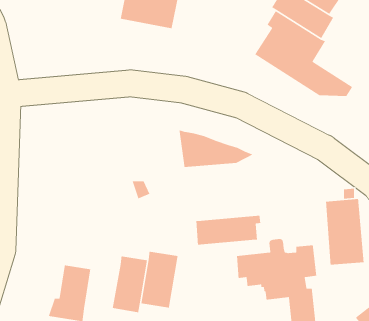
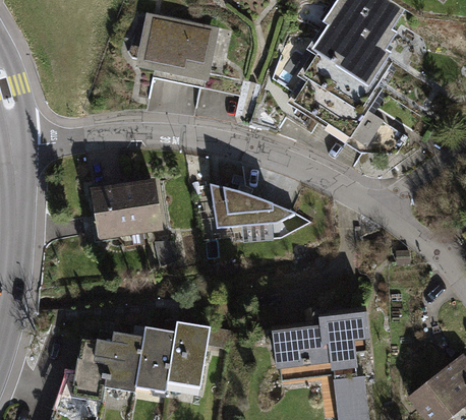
building: none -> [94,183,159,235]
building: [325,198,364,266] -> none
building: [195,215,261,246] -> none
building: none -> [104,332,143,392]

